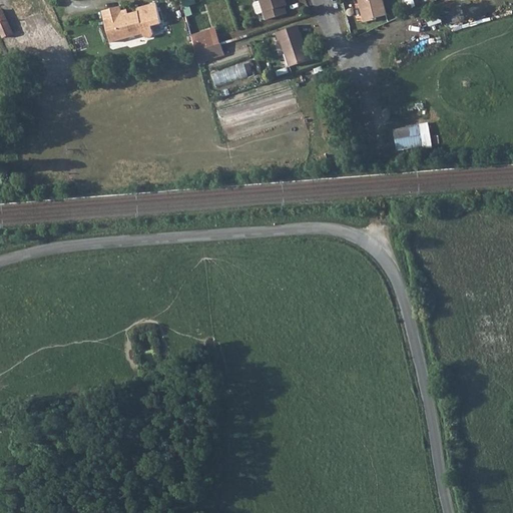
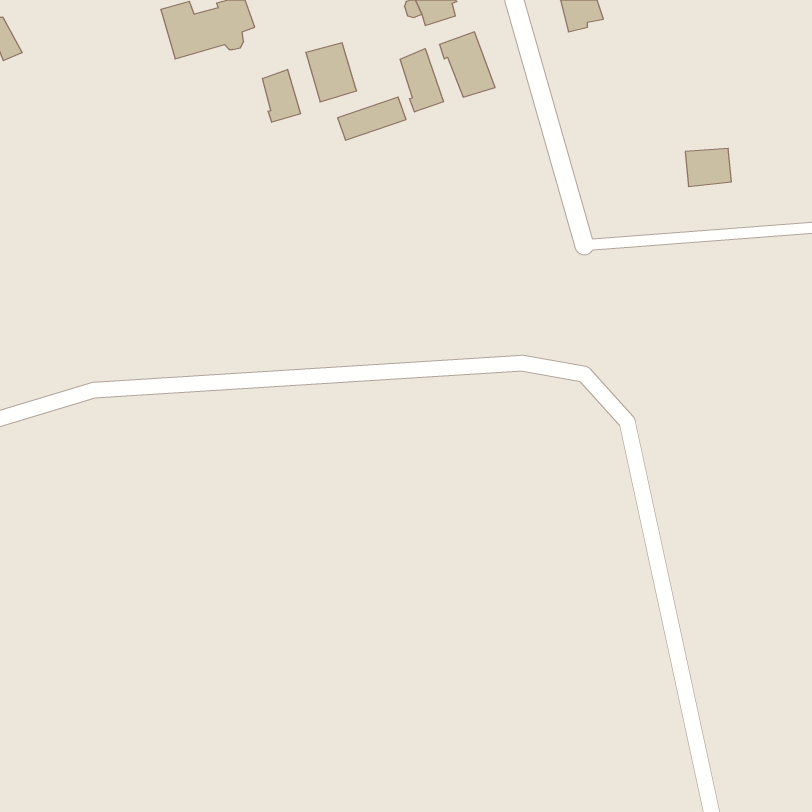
building: none -> [400,49,444,112]
building: none -> [263,69,301,122]
building: [395,126,424,150] -> [685,148,731,187]

